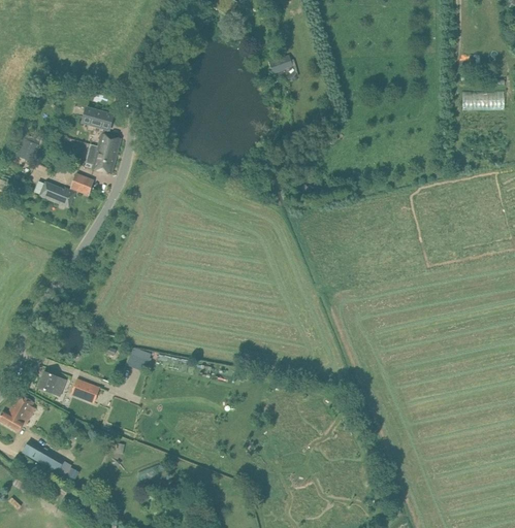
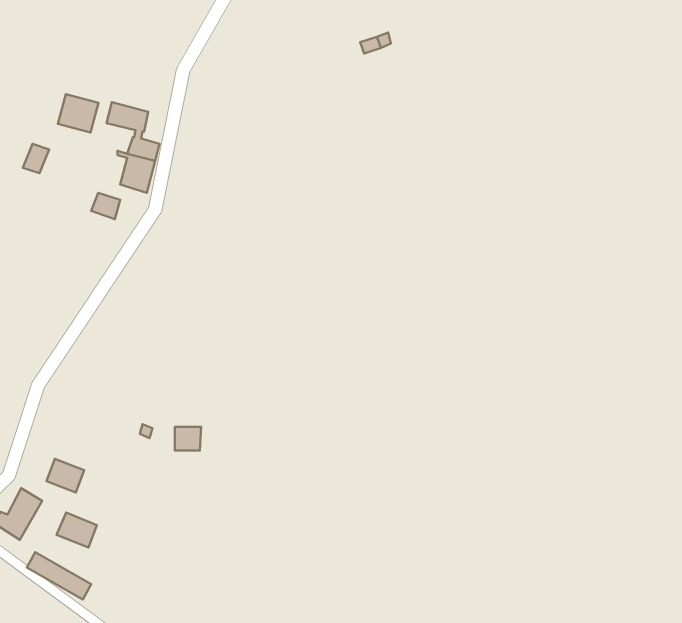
building: none -> [58,94,99,133]
building: [35,182,75,207] -> none
building: [70,377,100,403] -> [56,513,97,547]

